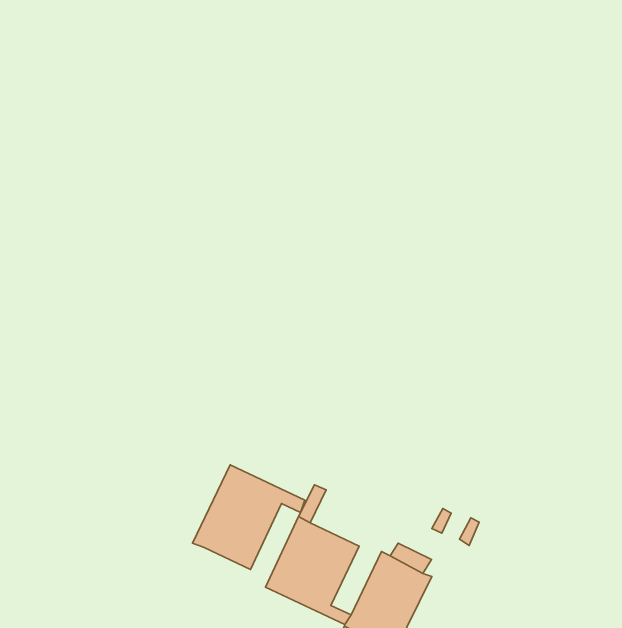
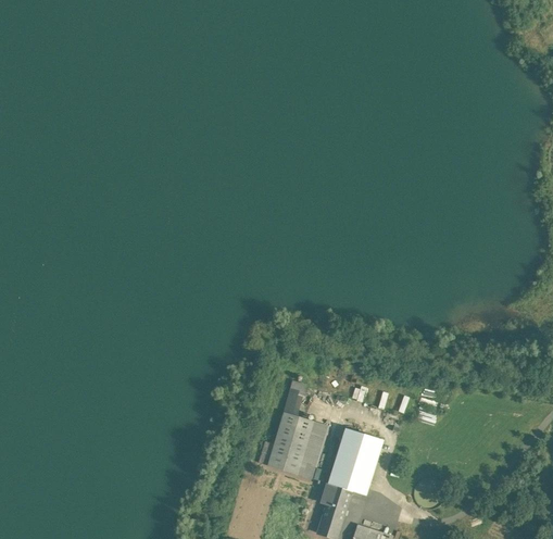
building: [192,465,305,569] -> none

